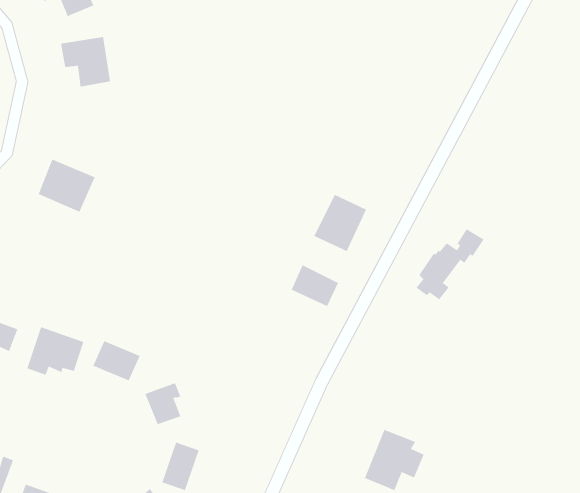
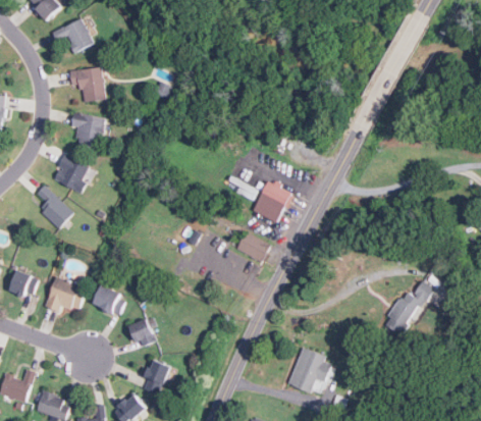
building: none -> [70,111,105,149]
building: none -> [36,185,72,227]
building: [416,228,485,300] -> [386,283,436,335]

